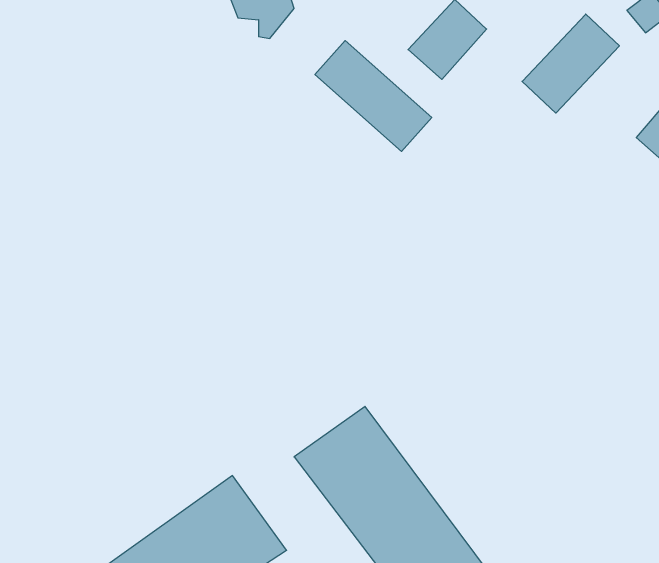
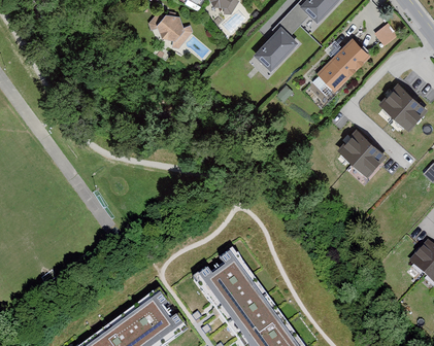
building: [315,41,432,151] -> none
building: none -> [337,130,386,176]

